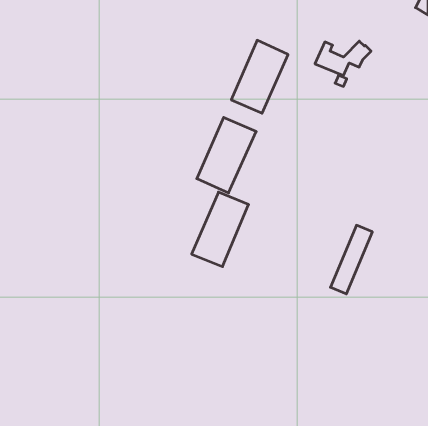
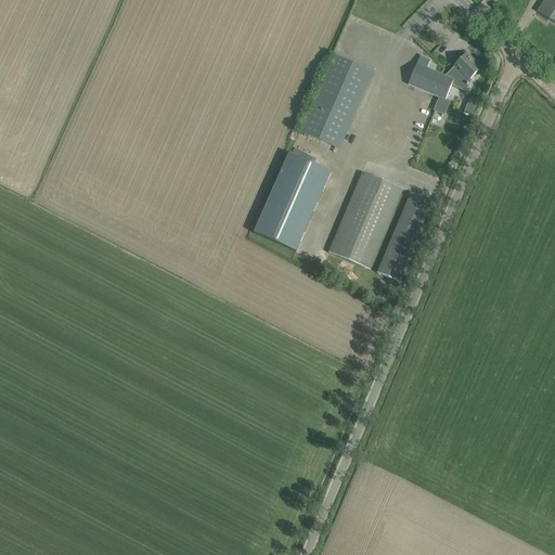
building: [192,192,249,267] -> [328,170,402,267]
building: [330,225,372,294] -> [377,191,431,280]

